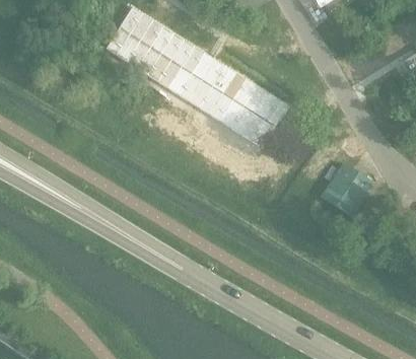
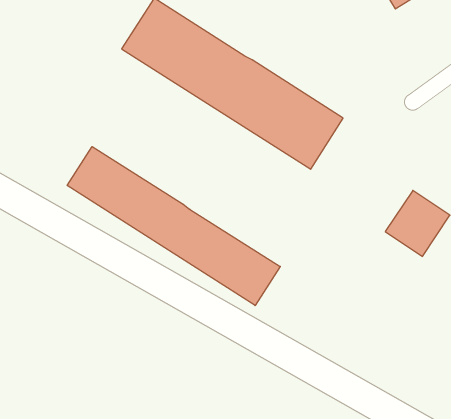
building: none -> [67,147,280,306]

